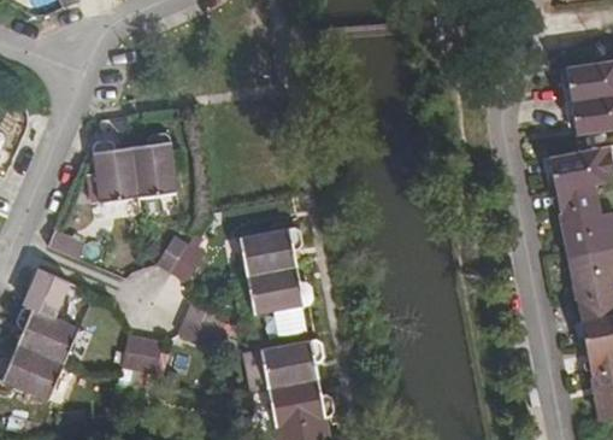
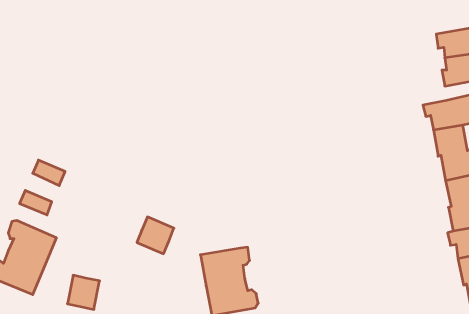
building: [92,133,177,204] -> none
building: [240,227,313,313] -> none
building: [157,231,206,282] -> none
building: [120,336,161,380] -> [67,275,100,309]

